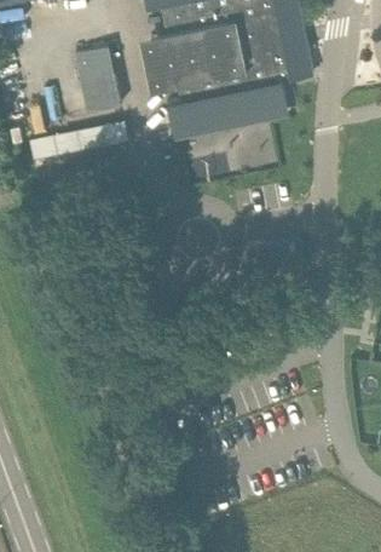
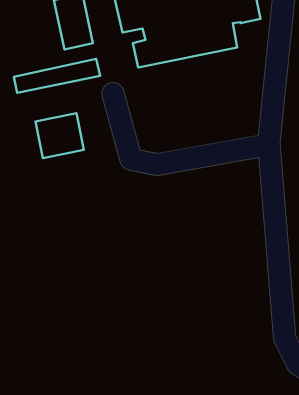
building: none -> [36,113,84,158]

